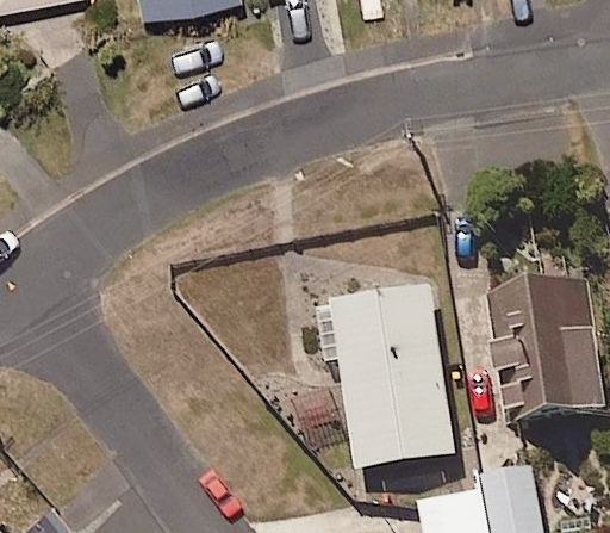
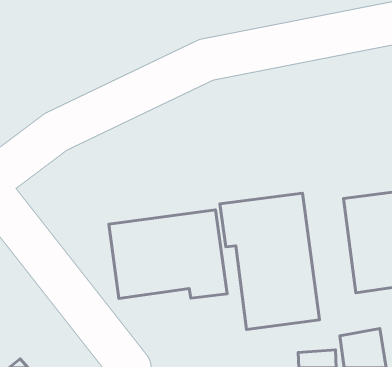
building: none -> [109,210,227,298]

